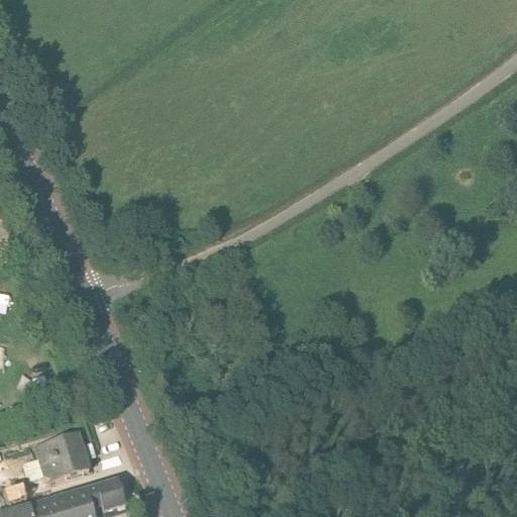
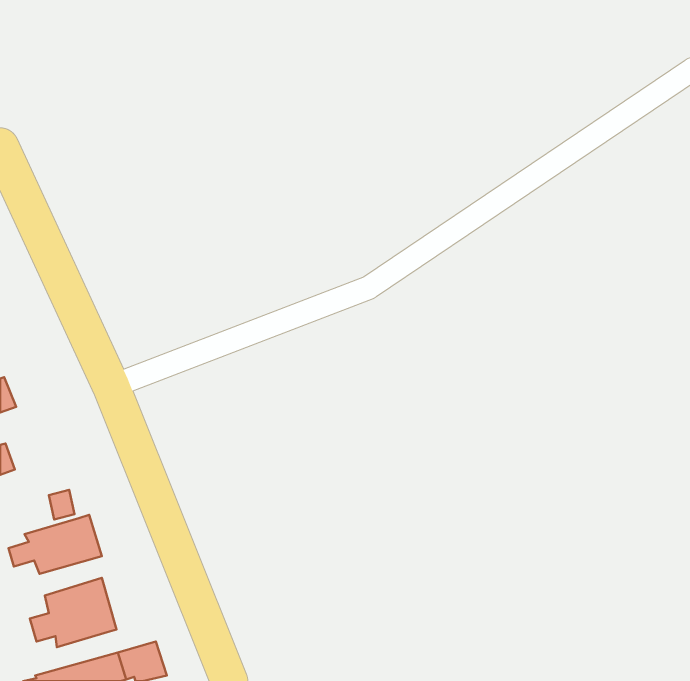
building: none -> [8,515,102,574]

